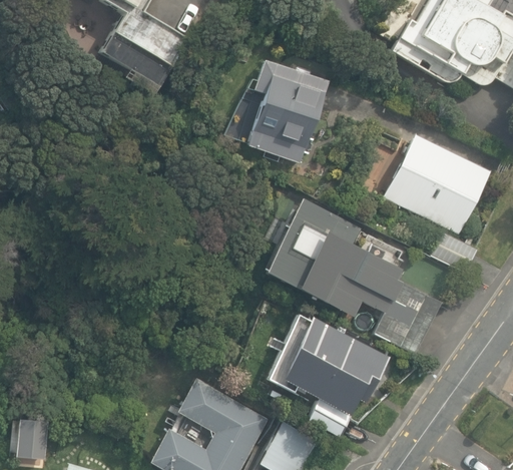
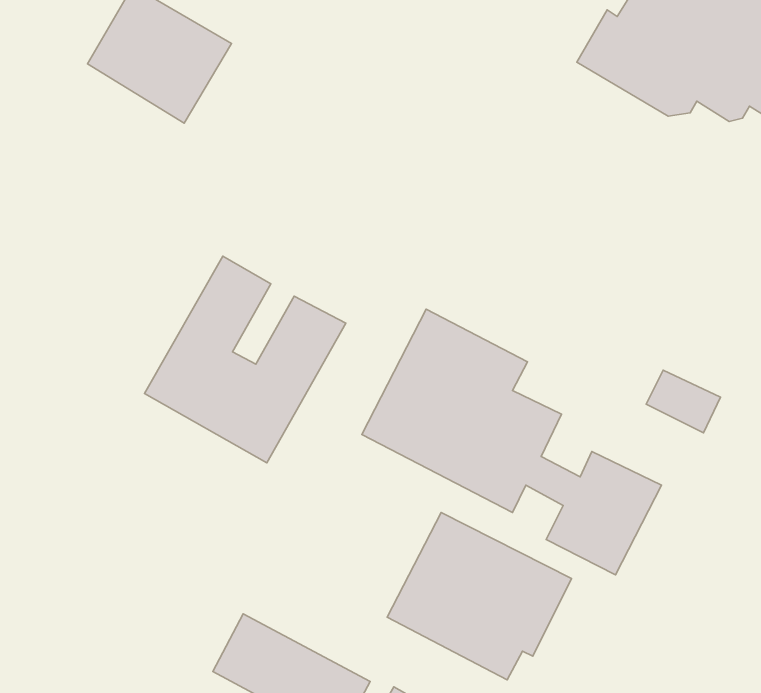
building: [248,61,328,161] -> none
building: [385,134,490,232] -> none
building: none -> [145,256,346,463]

